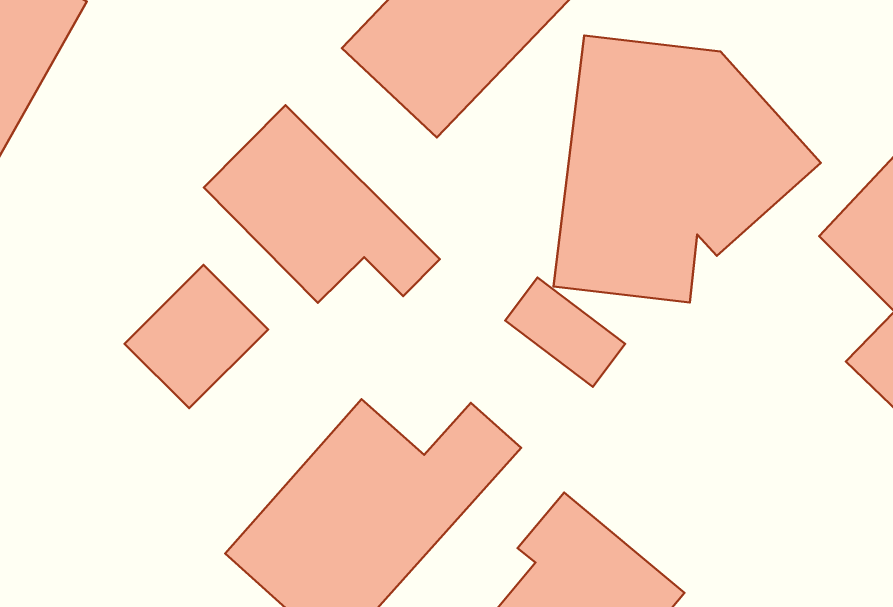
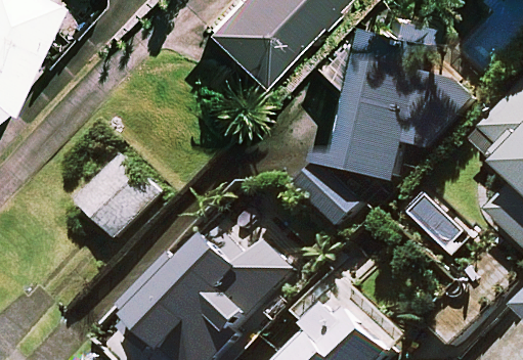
building: [204,105,440,303] -> none

